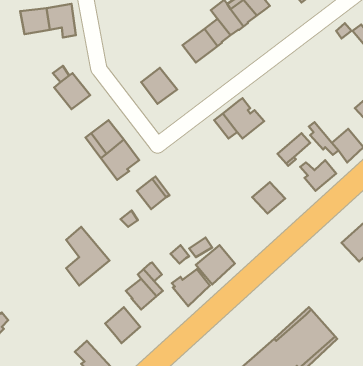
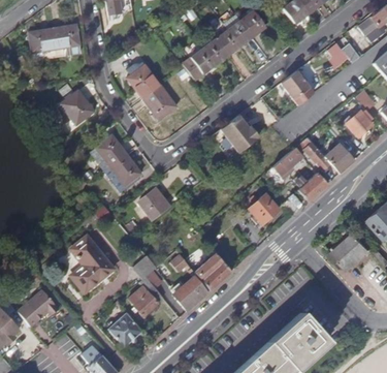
building: none -> [127,65,160,99]
building: none -> [280,70,309,99]
building: none -> [17,288,57,327]

